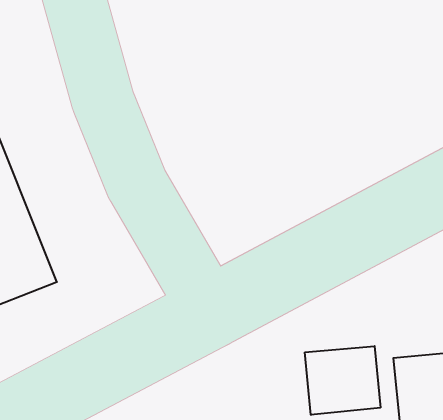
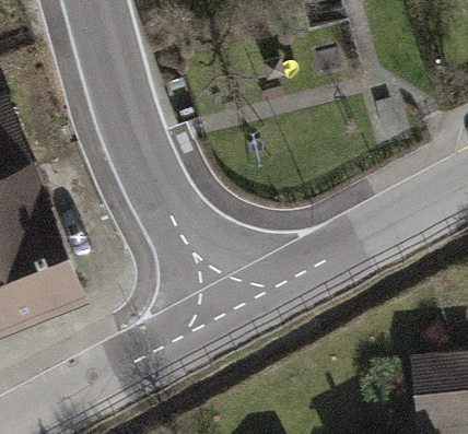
building: [305,346,380,415] -> none

